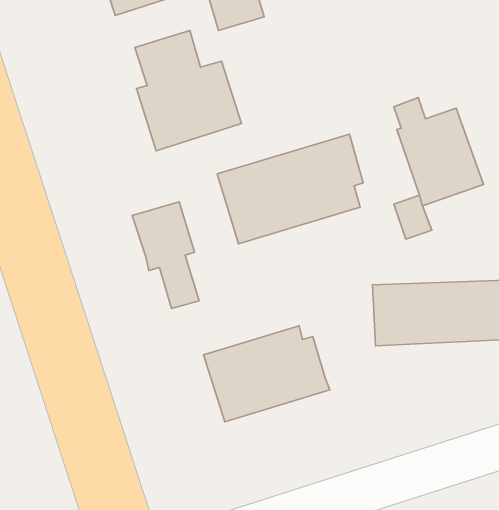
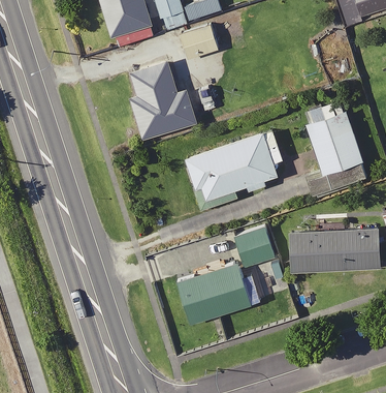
building: [132,202,199,308] -> [231,222,277,295]

